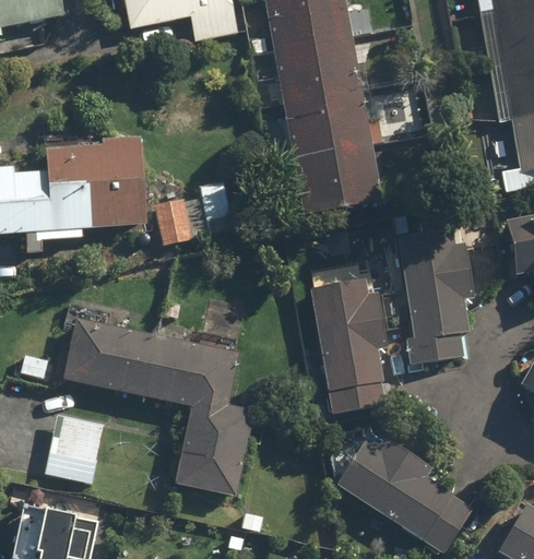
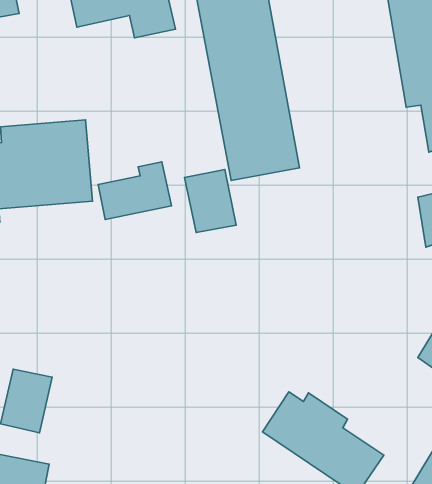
building: none -> [185,169,236,232]
building: [400,240,475,365] -> none
building: [311,278,389,414] -> none
building: [62,318,256,496] -> none

